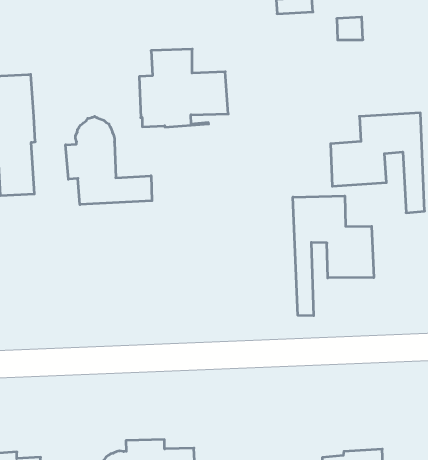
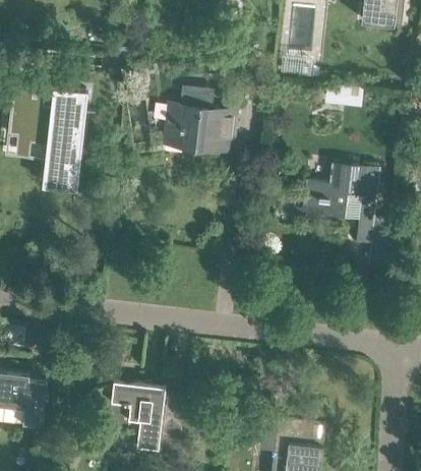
building: [66,116,152,205] -> none
building: [293,196,374,316] -> none

